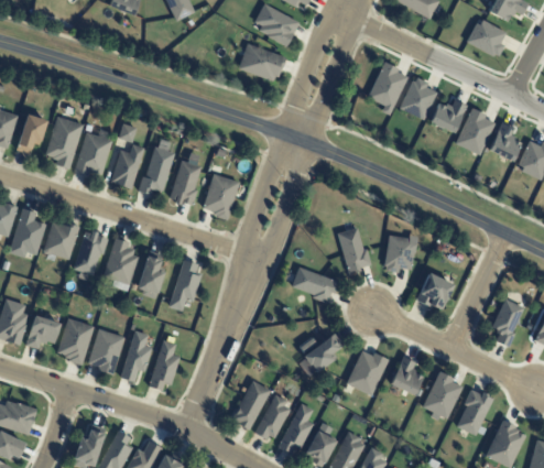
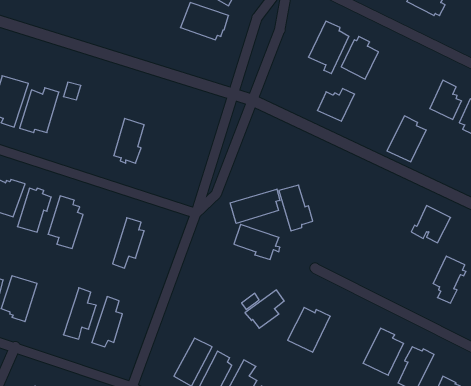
building: [428,99,466,132] -> [317,89,355,121]
building: [454,108,493,154] -> [387,116,426,162]
building: [110,143,144,187] -> none
building: [138,146,174,195] -> none
building: [204,174,239,219] -> none
building: none -> [230,189,280,223]
building: [383,235,415,272] -> none
building: [138,249,164,297] -> none
building: [413,272,453,309] -> [411,206,451,243]
building: [87,328,124,376] -> none
building: [389,356,422,395] -> none

